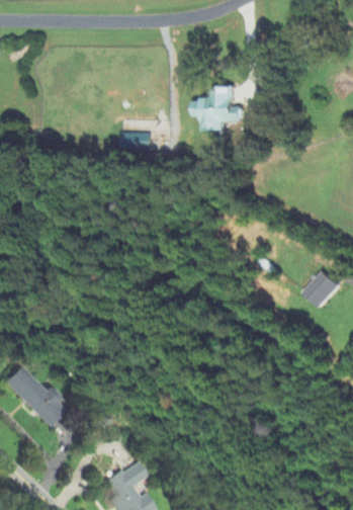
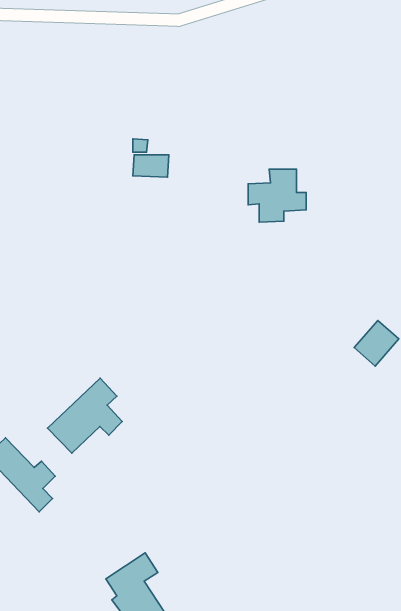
building: [196,87,244,131] -> [248,169,306,222]
building: none -> [48,378,122,453]

